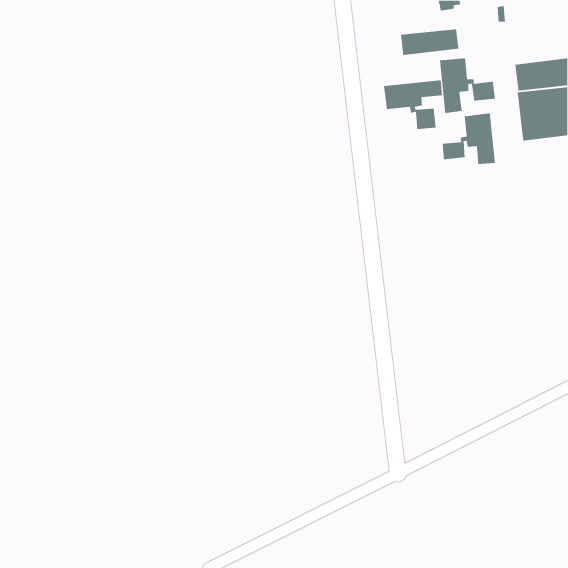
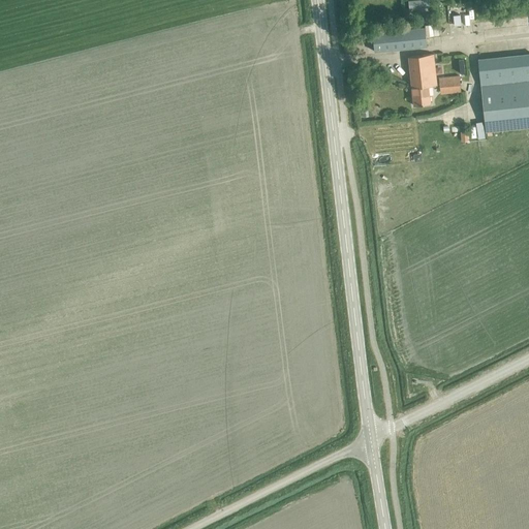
building: [383,80,442,130] -> none
building: [442,113,496,165] -> none

